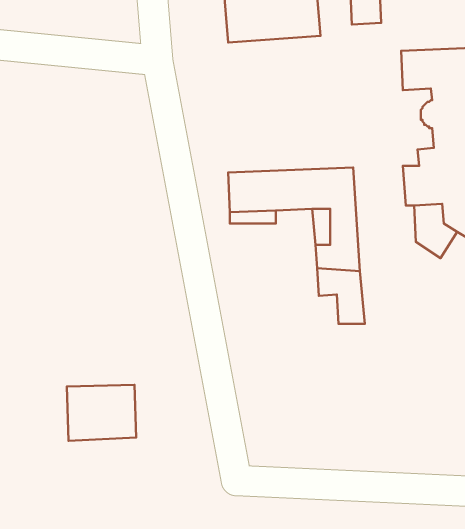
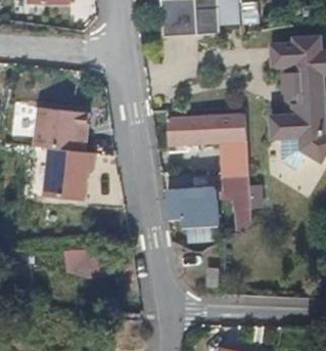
building: none -> [32,104,98,201]
building: none -> [168,192,216,224]

